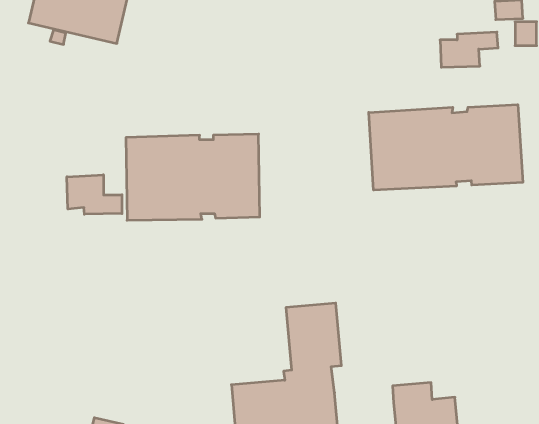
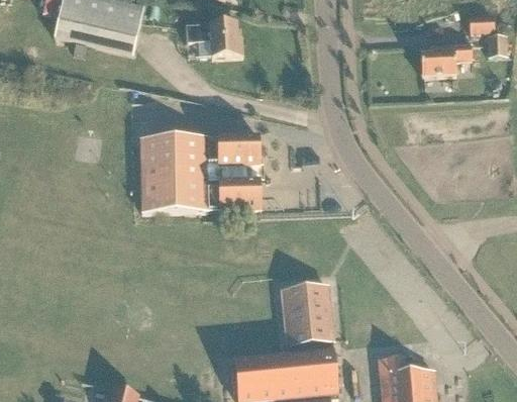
building: none -> [187,20,243,56]
building: [369,105,523,190] -> none
building: [67,175,122,214] -> none

